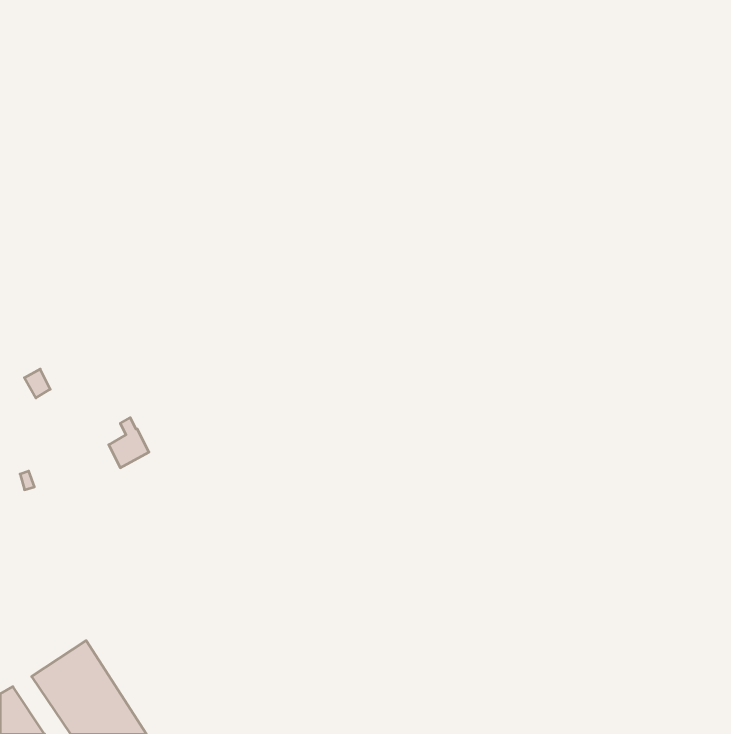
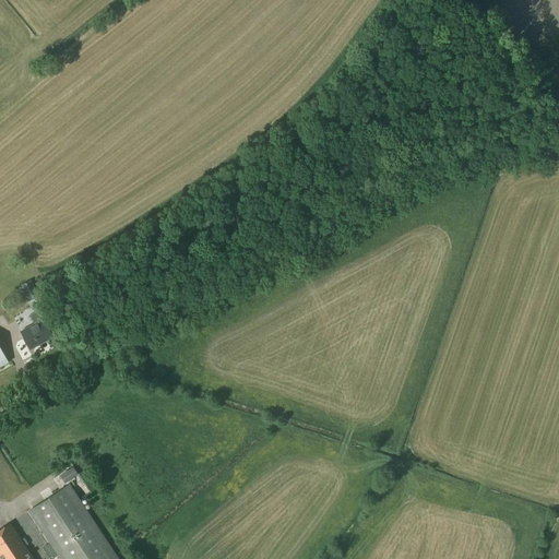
building: [109,418,149,468] -> [23,310,53,348]

